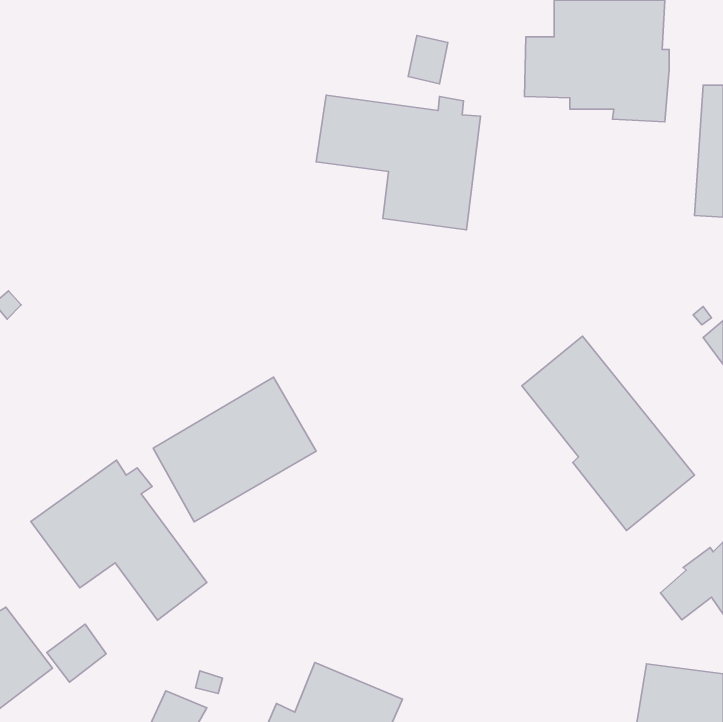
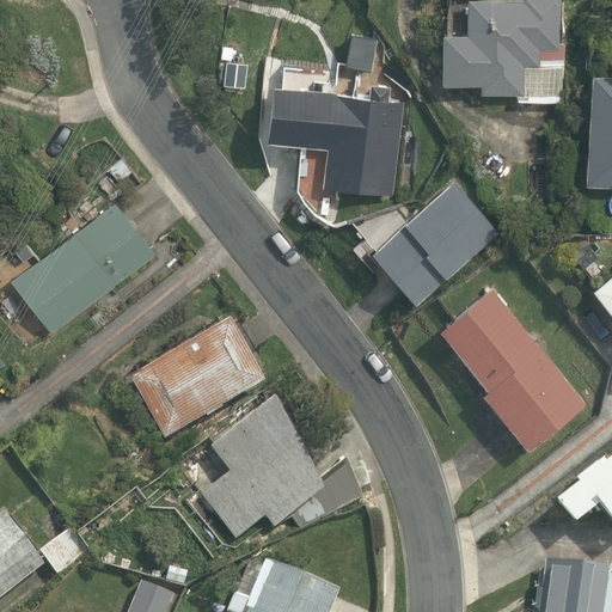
building: none -> [372,180,500,306]
building: none -> [11,197,157,333]
building: [31,460,207,620] -> none
building: none -> [201,398,363,543]

